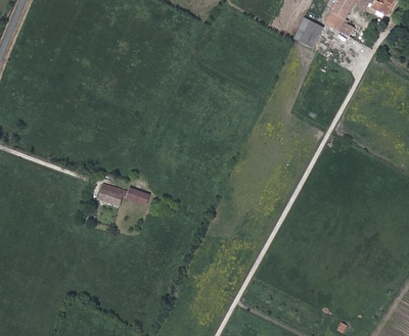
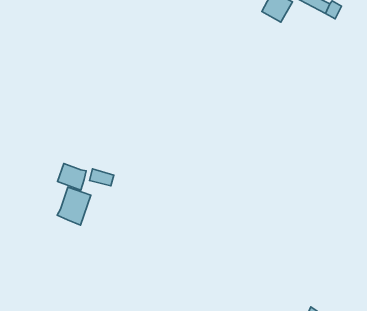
building: none -> [57,187,91,225]

